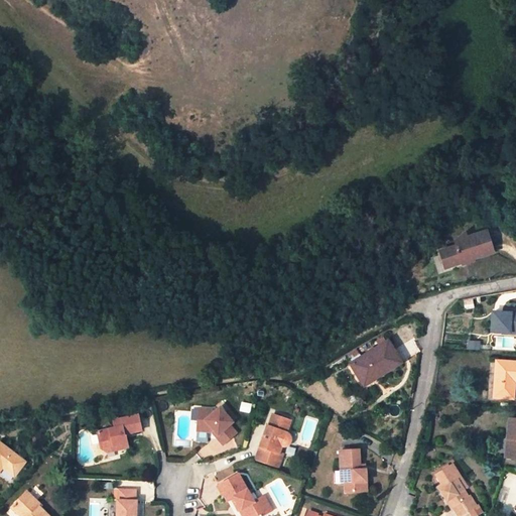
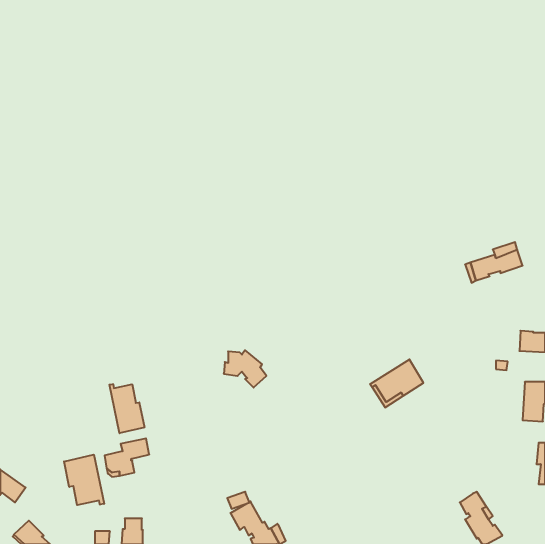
building: none -> [109,384,144,433]
building: [195,408,235,443] -> [224,350,266,388]
building: [254,414,289,468] -> none
building: none -> [64,455,104,505]
building: [340,448,368,491] -> none

